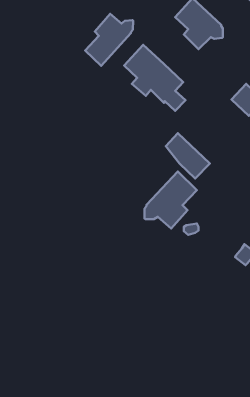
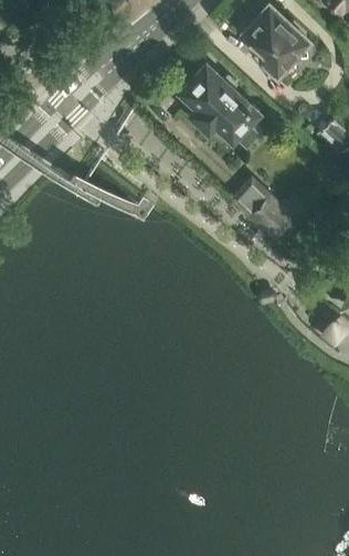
building: [85,14,133,66] -> none
building: [144,171,197,228] -> none

